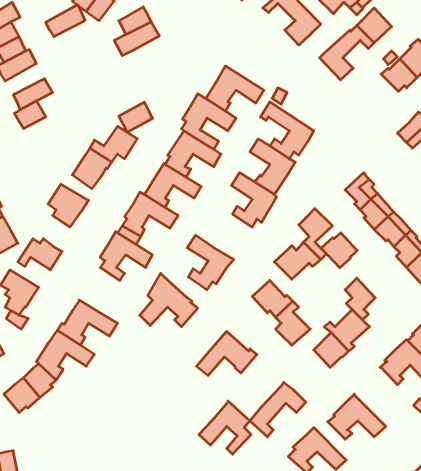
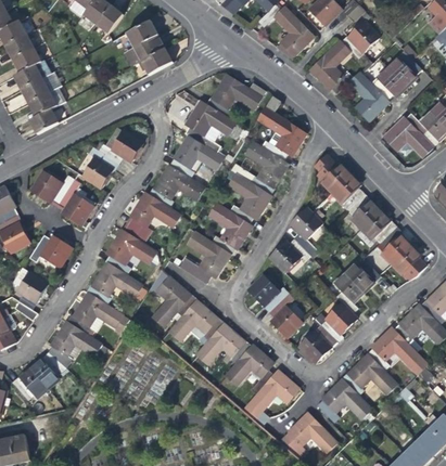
building: [46,5,85,37] -> [17,72,54,101]
building: none -> [331,70,387,119]
building: [119,102,153,132] -> [138,46,169,74]
building: none -> [318,152,353,190]
building: none -> [29,170,69,205]
building: none -> [209,204,253,255]
building: [321,233,357,268] -> [346,258,380,290]
building: none -> [87,262,141,305]
building: none -> [170,299,225,340]
building: none -> [344,355,398,398]
building: [199,401,251,454] -> [226,342,275,392]

